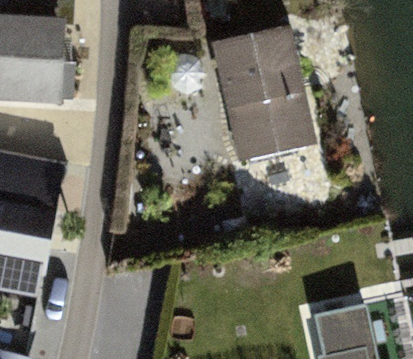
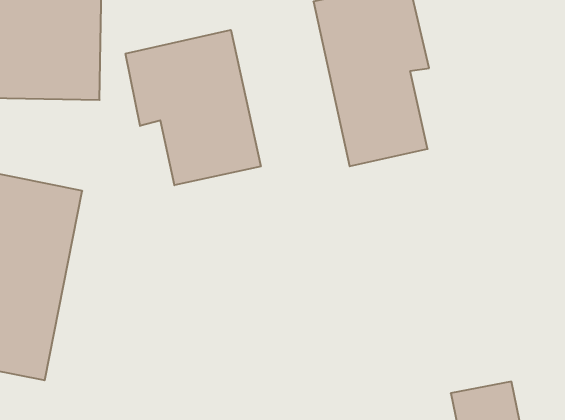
building: none -> [126,30,261,185]

